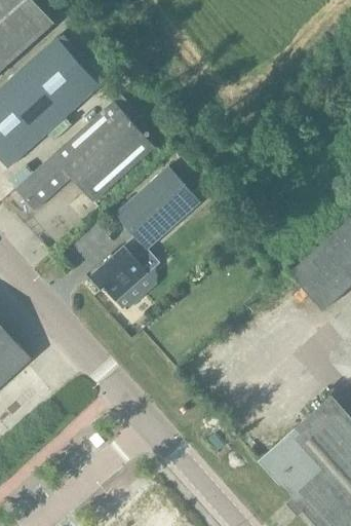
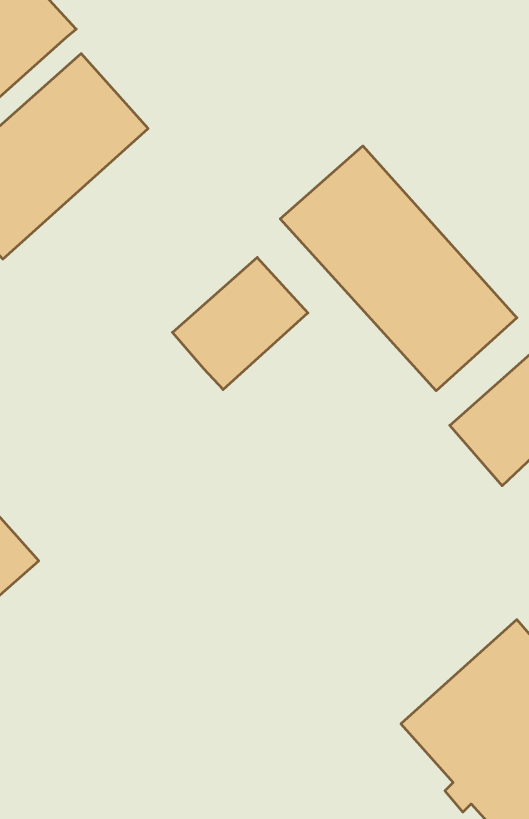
building: none -> [280,146,517,391]
building: [15,102,154,211] -> none
building: [91,237,152,308] -> none

